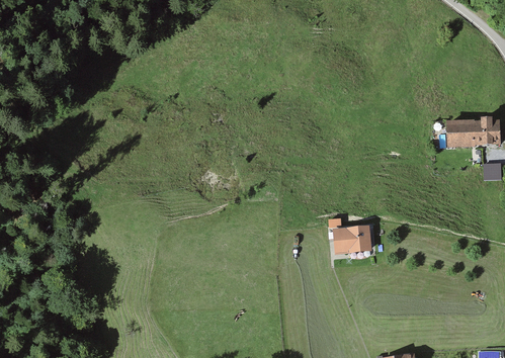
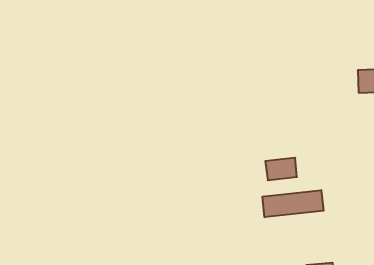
building: none -> [262,190,324,217]

